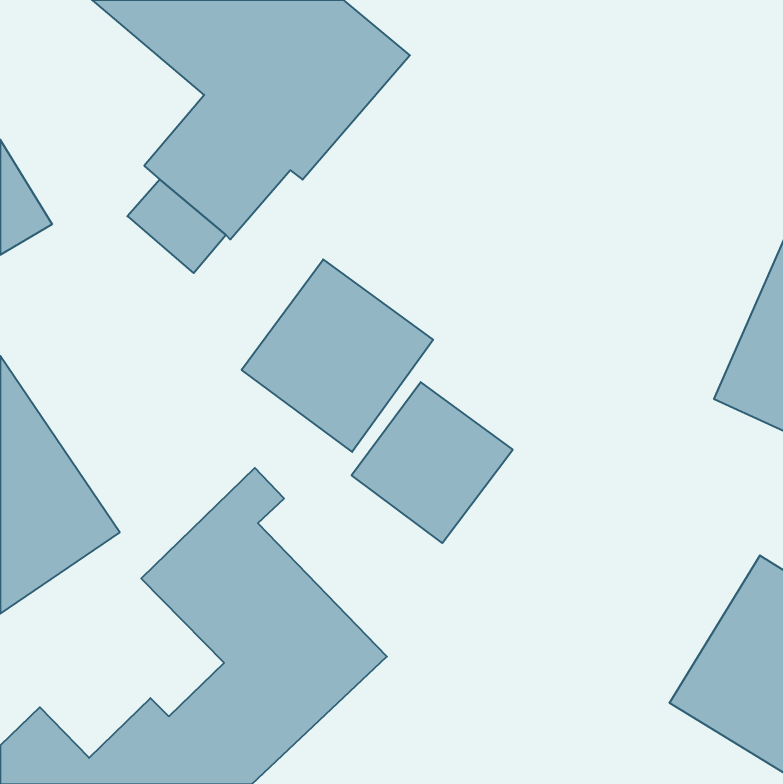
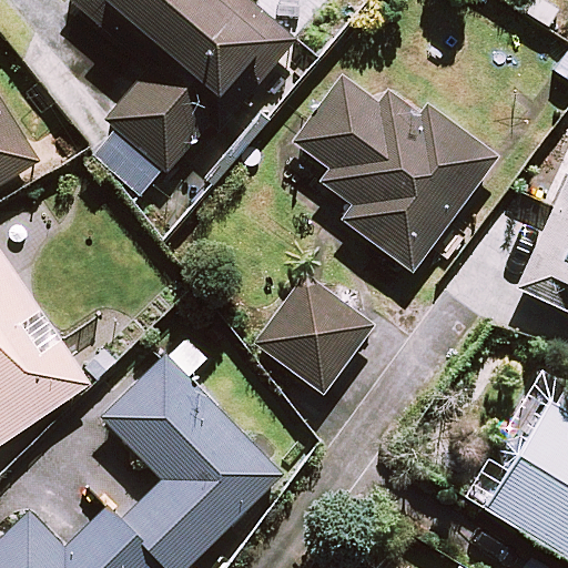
building: none -> [294,78,496,272]
building: [242,259,433,452] -> none

